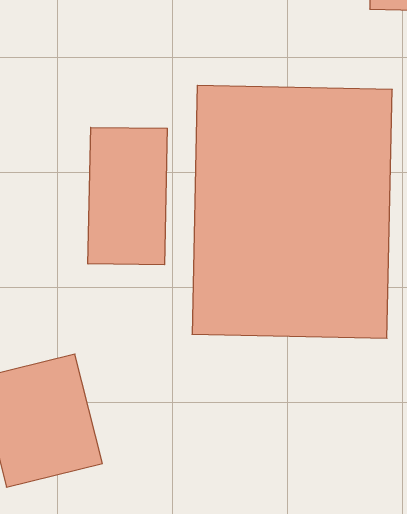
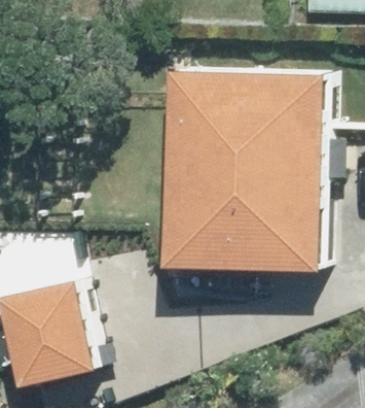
building: [88,127,167,265] -> none

